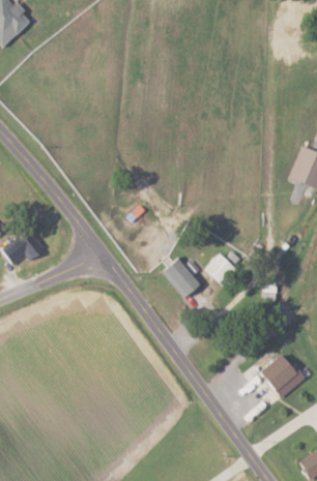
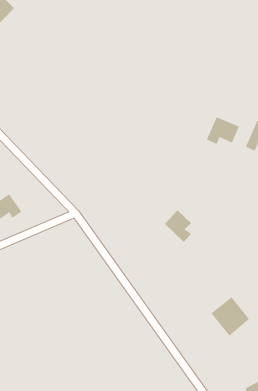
building: none -> [206,116,240,145]
building: [162,257,203,299] -> none

